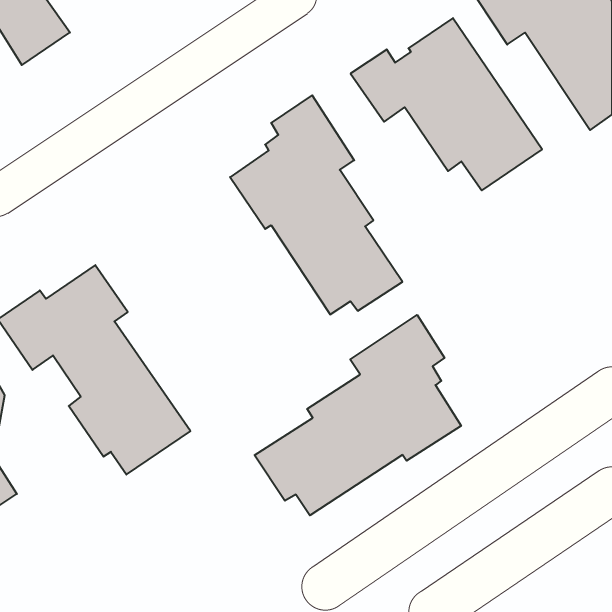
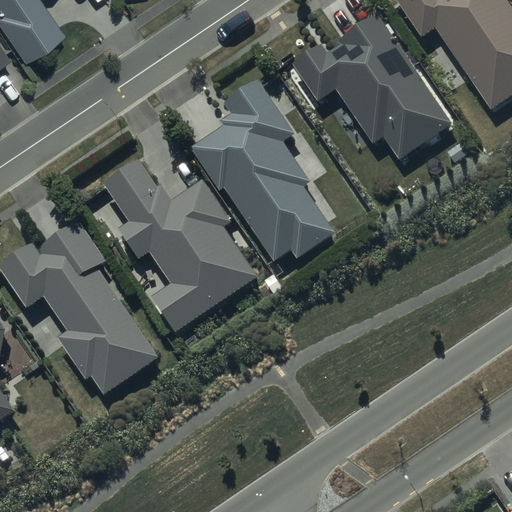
building: none -> [101,157,272,332]
building: [255,315,461,515] -> none

